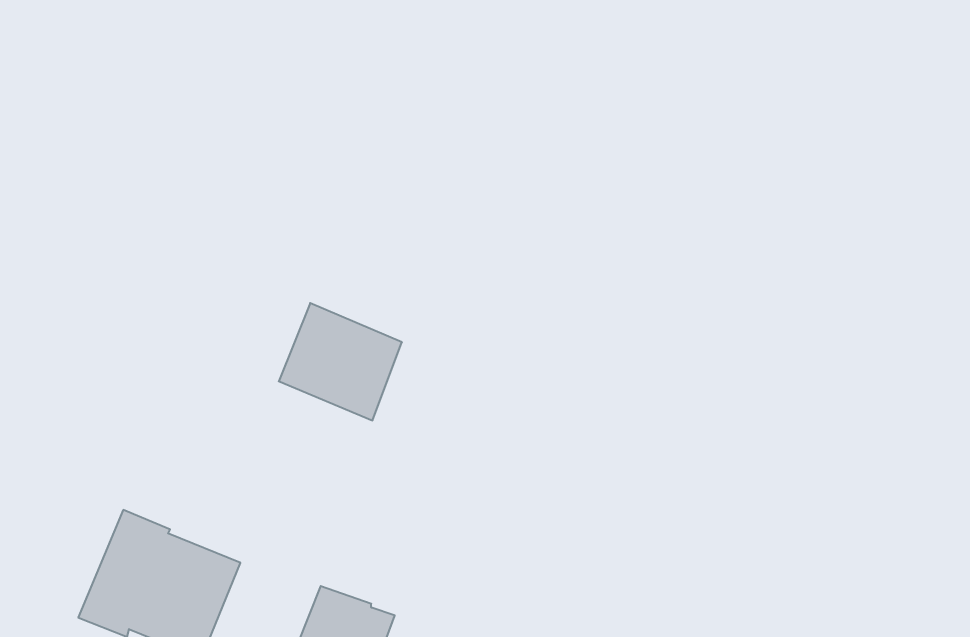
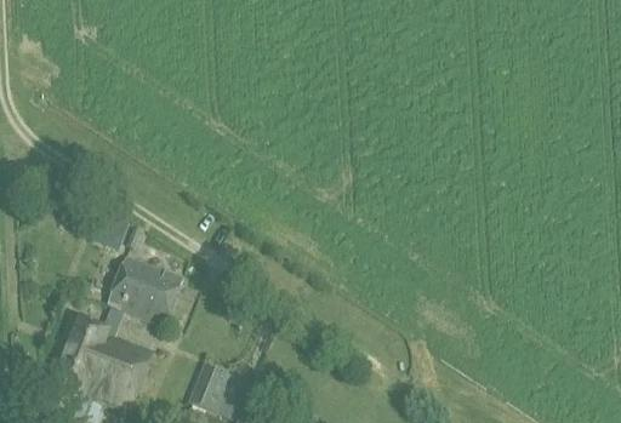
building: [279,303,402,420] -> [106,252,182,325]

